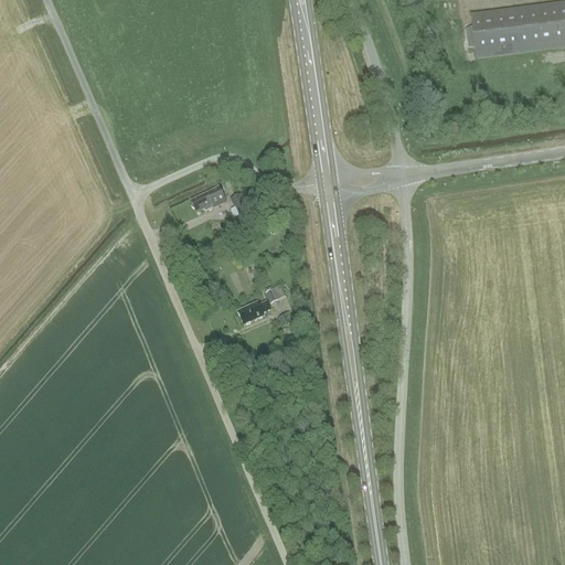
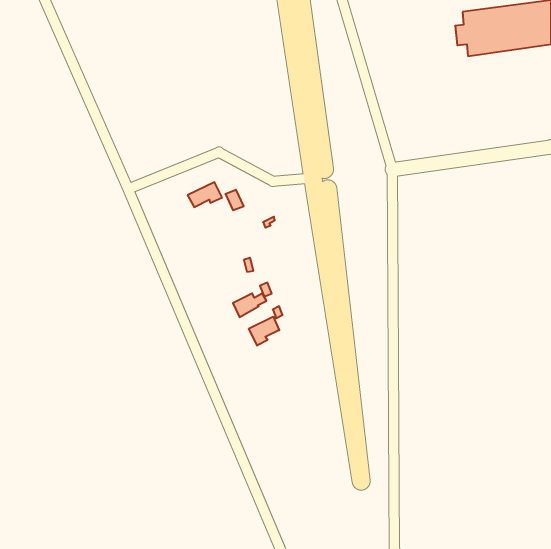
building: none -> [249,317,279,346]

